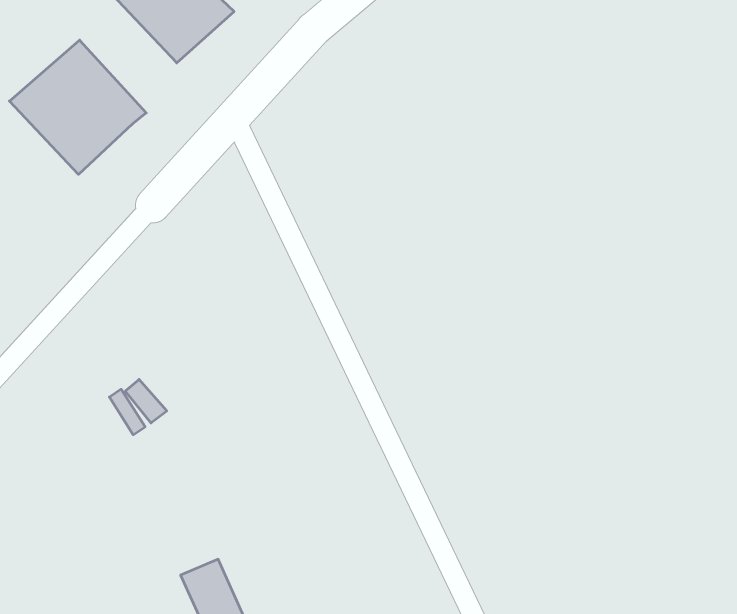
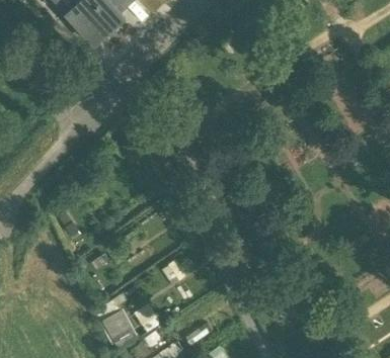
building: [9,40,146,174] -> none

